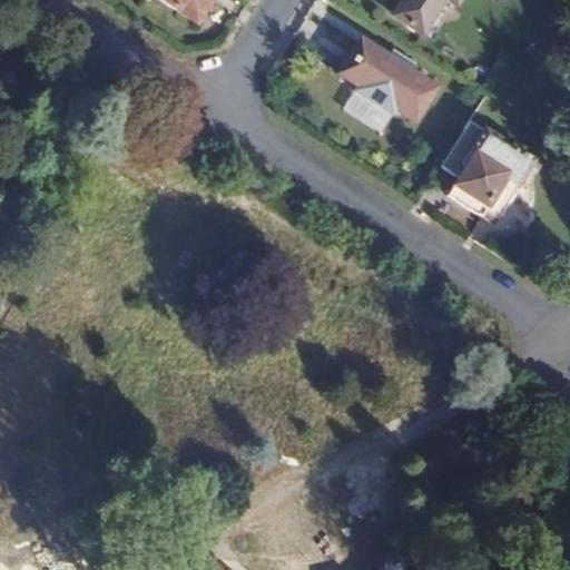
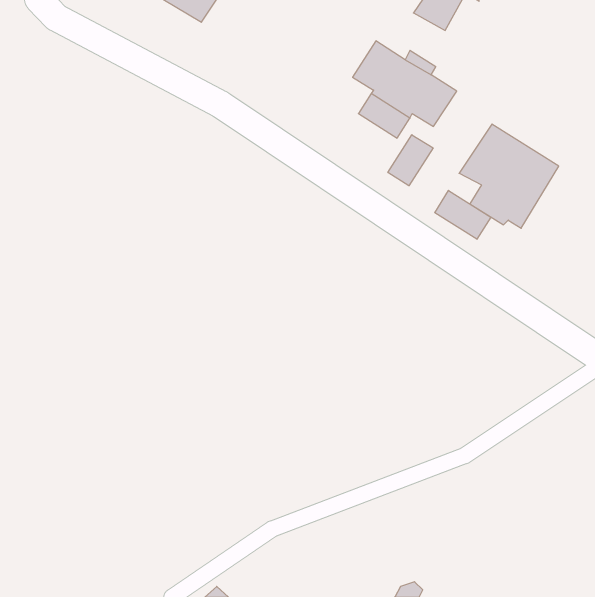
building: none -> [388,135,433,186]
building: none -> [435,190,491,239]

